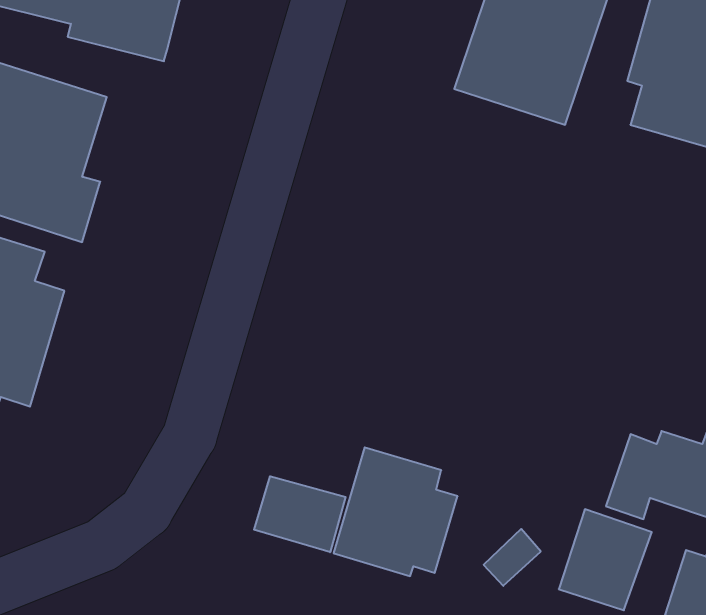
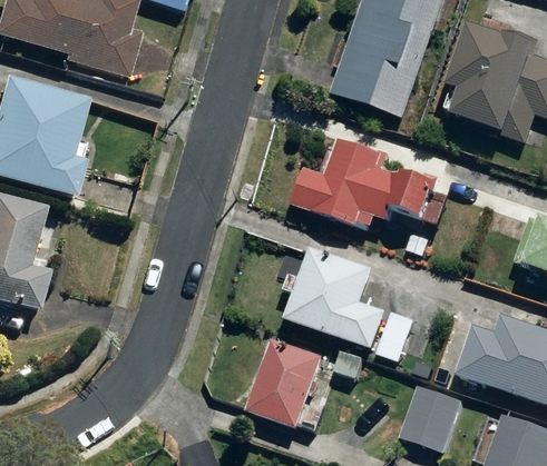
building: none -> [294,137,450,227]
building: none -> [283,240,414,376]
building: [254,476,346,552] -> none

